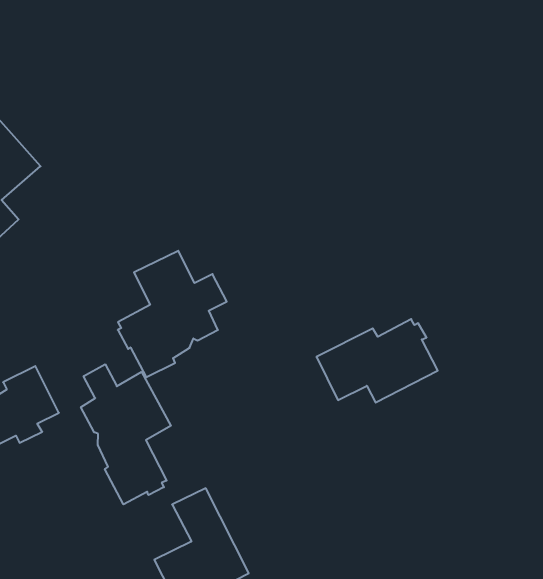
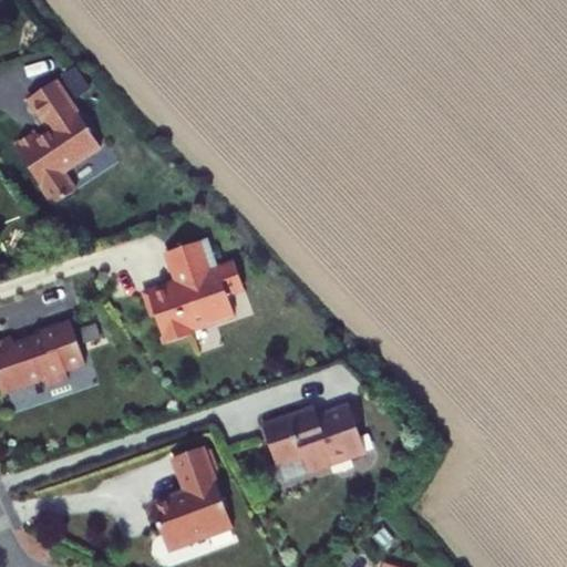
building: [316,319,438,403] -> [262,404,365,472]
building: [81,364,171,504] -> none

